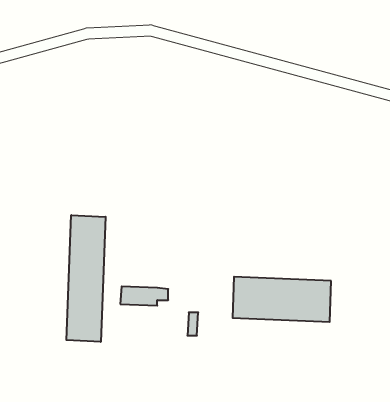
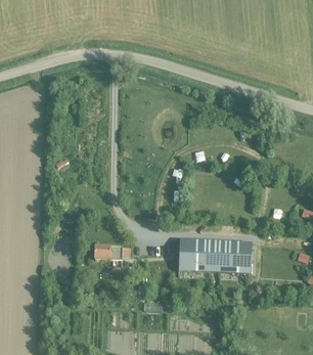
building: [66,215,106,342] -> none

